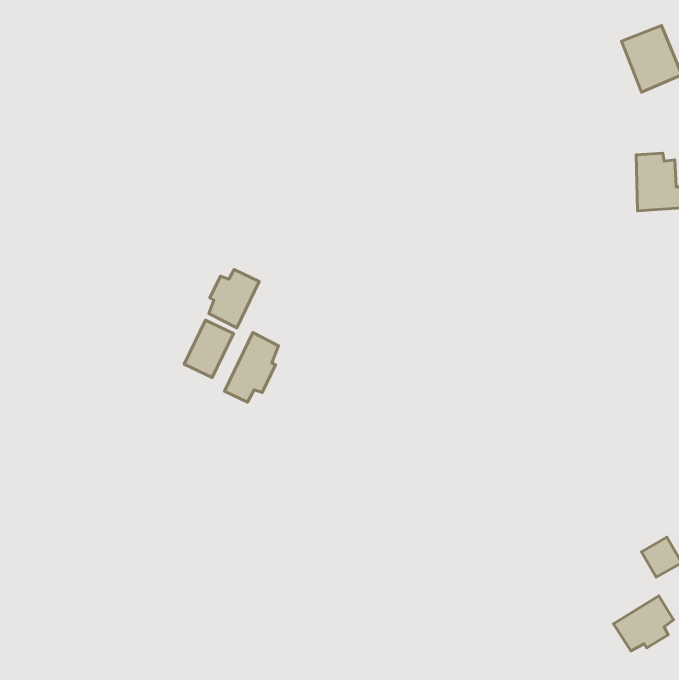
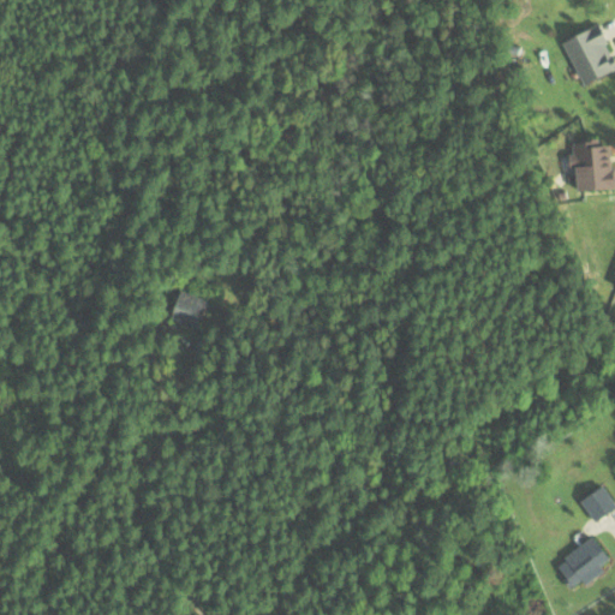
building: [209,270,259,328] -> none
building: [224,332,279,402] -> none

